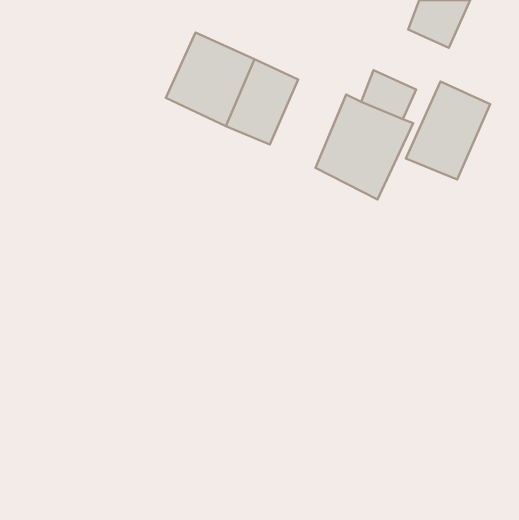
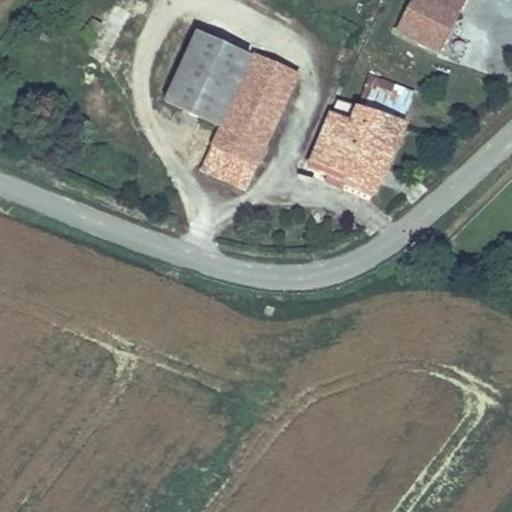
building: [406,82,490,180] -> none
building: none -> [205,124,266,187]

